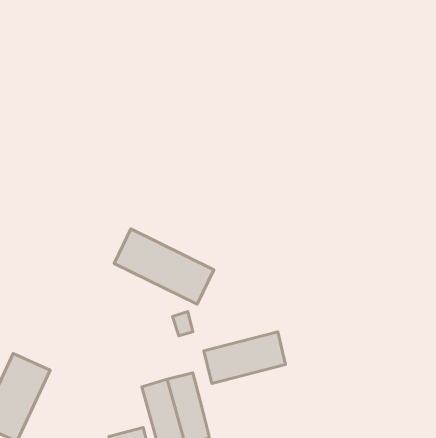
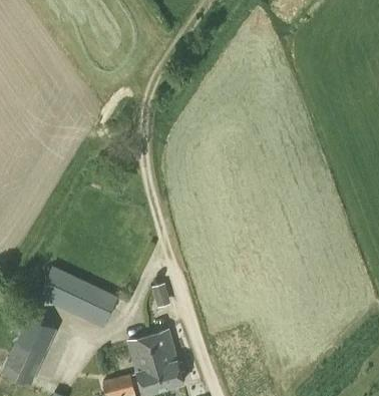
building: [114,229,214,304] -> [38,267,116,326]
building: [204,332,286,384] -> none

